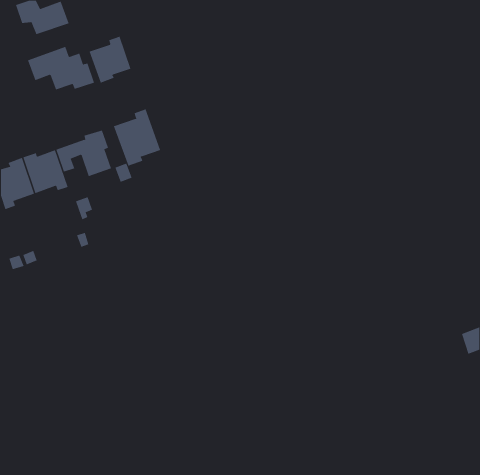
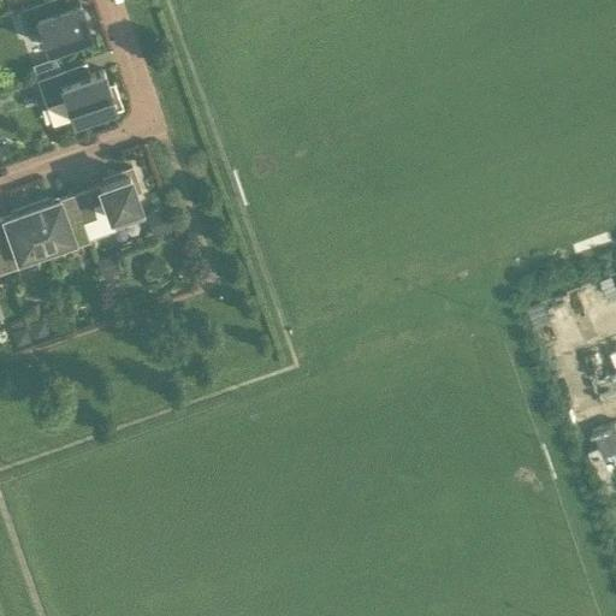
building: [89,36,131,83] -> none
building: [113,108,161,167] -> none

